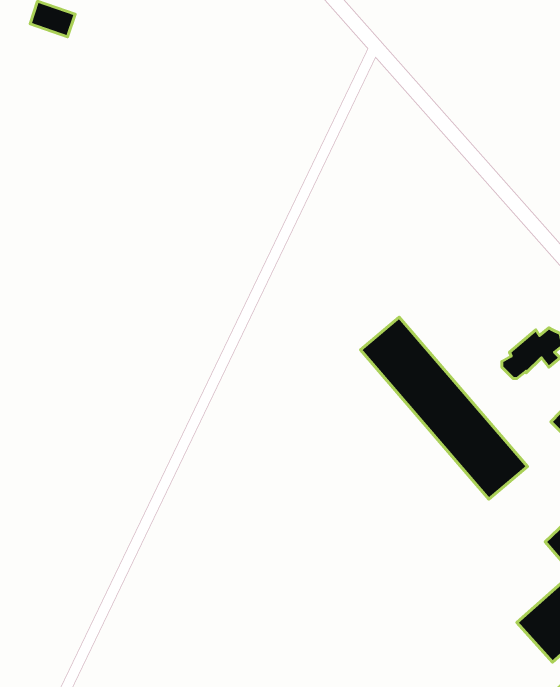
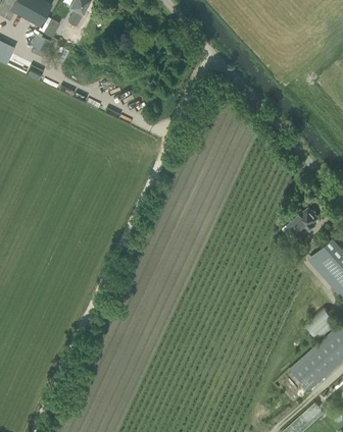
building: [361,317,527,499] -> none

